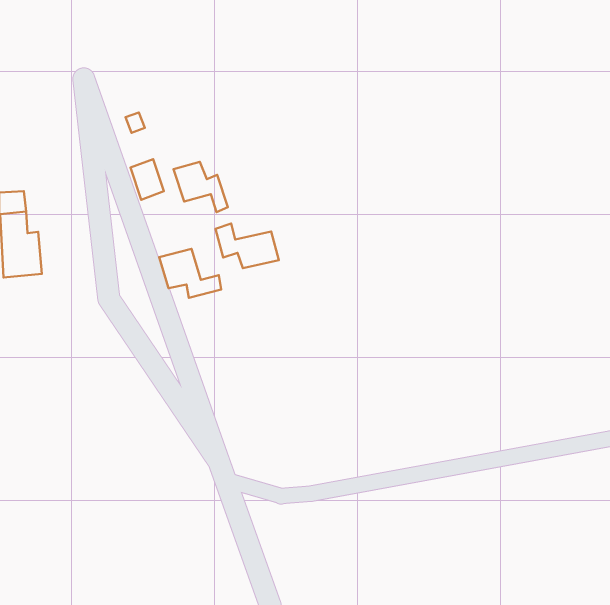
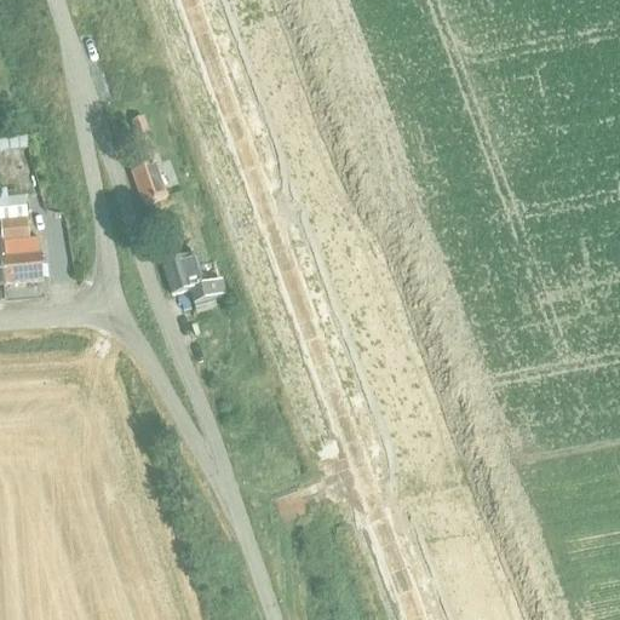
building: [173,162,228,212] -> none
building: [216,223,279,268] -> none

